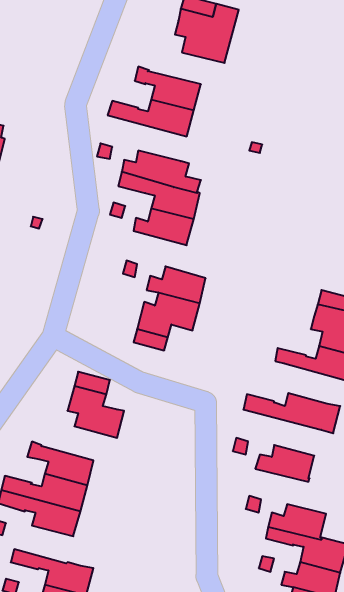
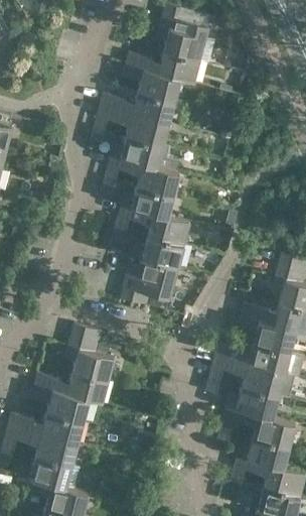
building: none -> [126,53,199,85]
building: none -> [98,107,167,146]
building: none -> [119,206,189,246]
building: none -> [240,316,294,353]
building: none -> [212,358,282,397]
building: none -> [35,372,108,405]
building: none -> [223,408,293,446]
building: none -> [20,457,83,491]

